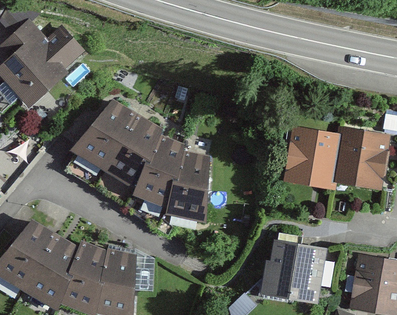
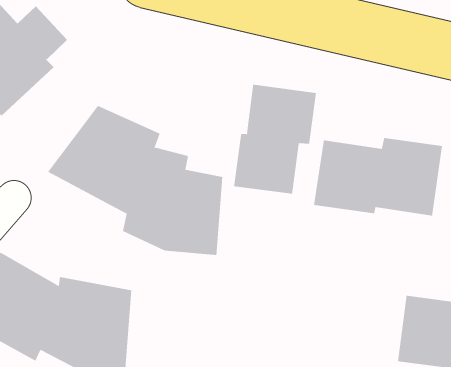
building: none -> [233,84,316,195]
building: [265,242,330,302] -> none

